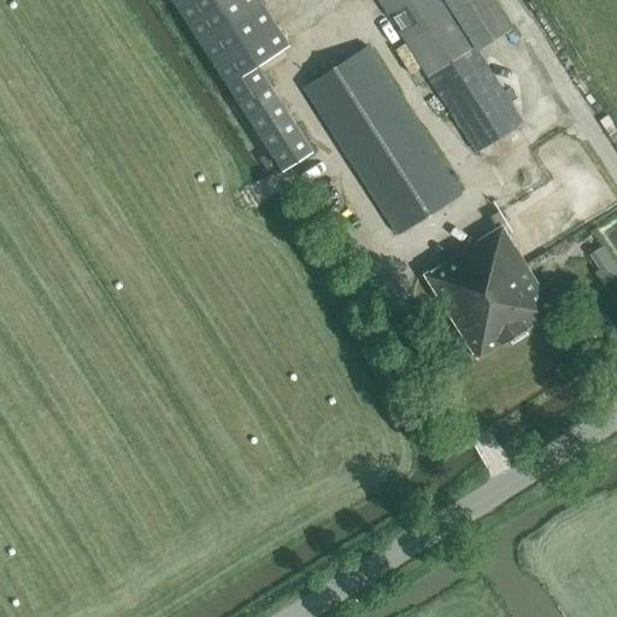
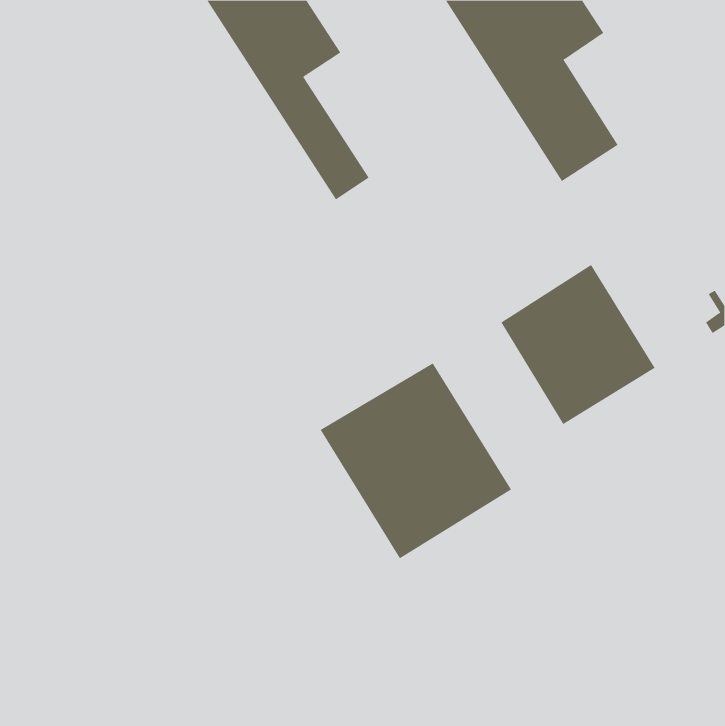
building: [302,46,462,236] -> none
building: none -> [320,362,512,559]

